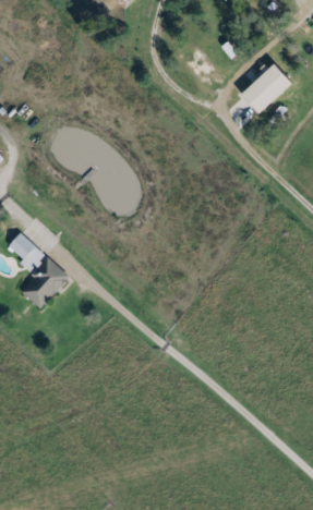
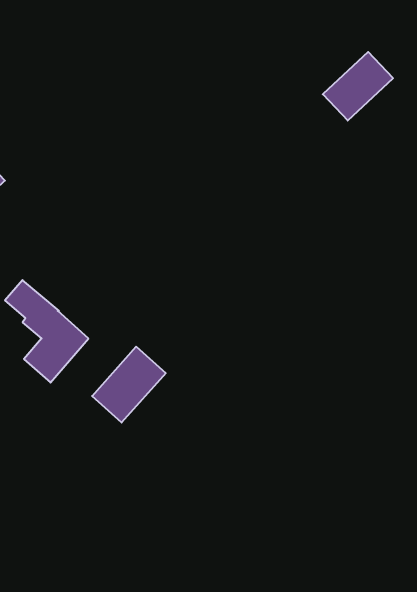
building: none -> [92,347,166,423]

